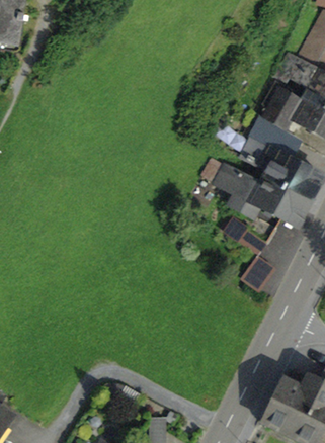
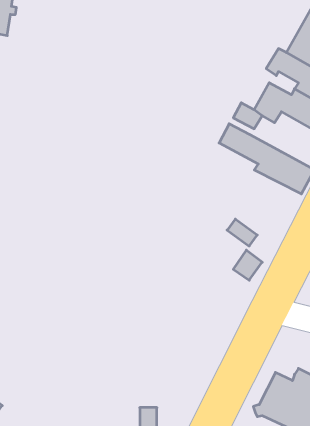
building: [259,122,302,159] -> none
building: [202,157,311,228] -> none

